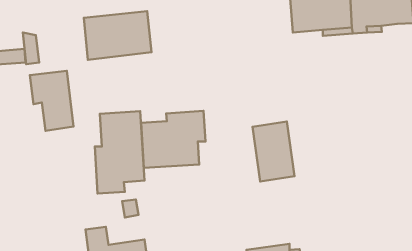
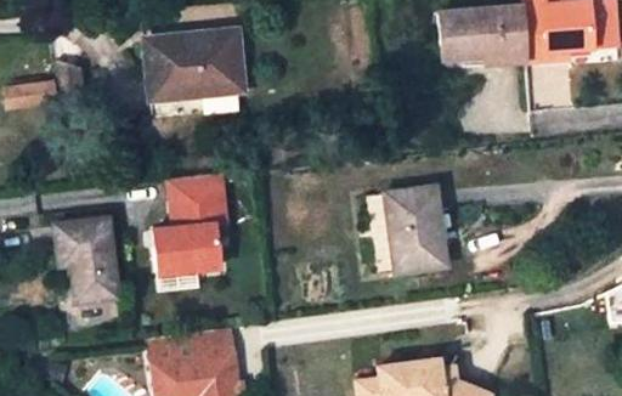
building: [30,71,74,131] -> [53,219,115,304]
building: [141,111,206,168] -> none
building: none -> [176,329,231,362]

